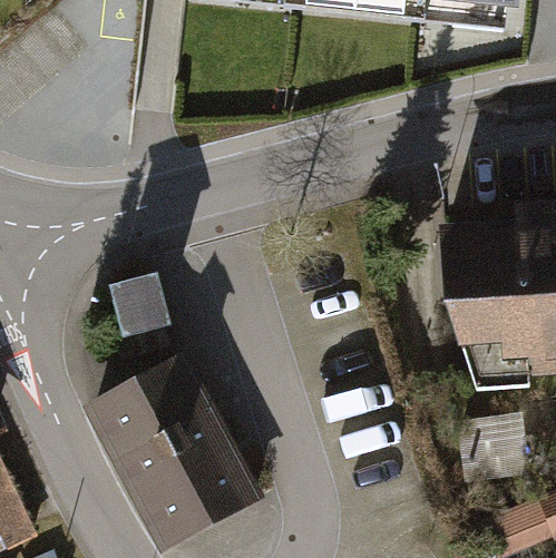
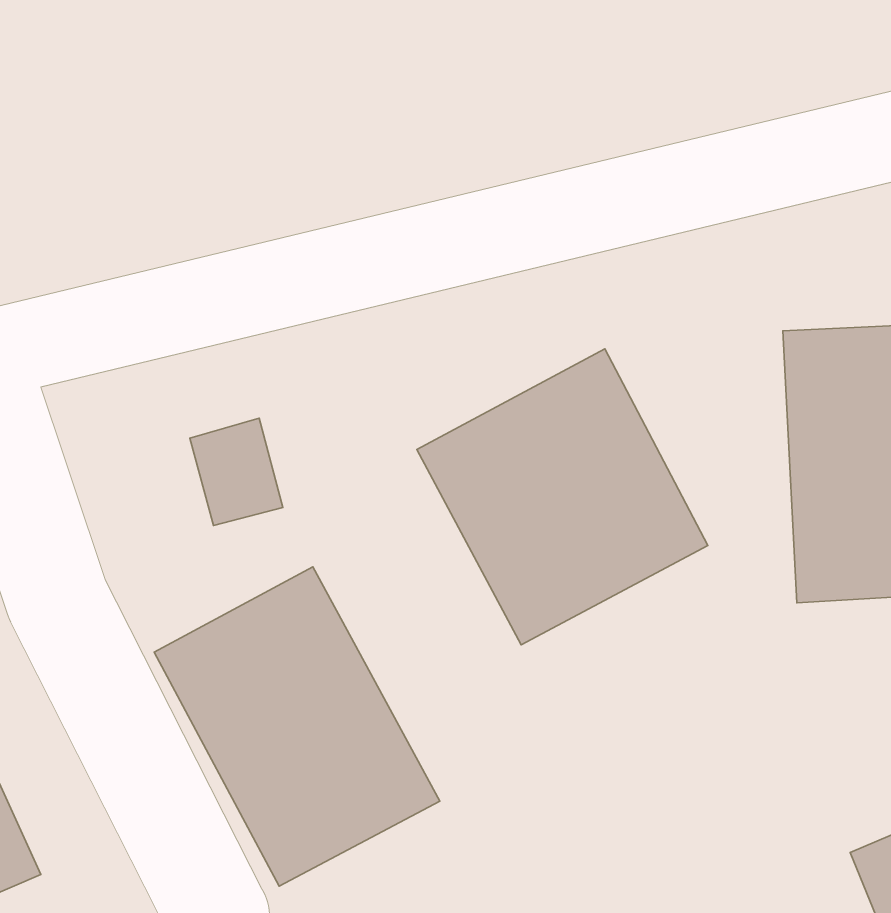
building: none -> [417,349,708,645]

